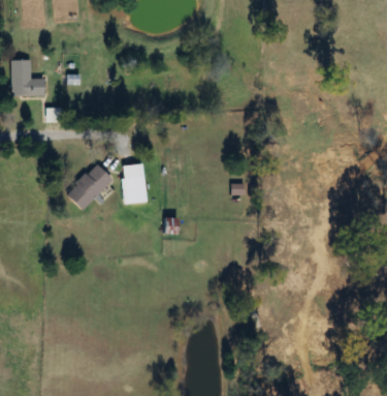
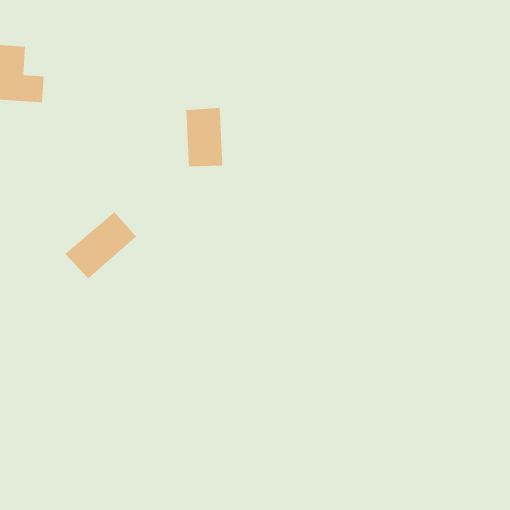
building: [120,163,147,204] -> [186,107,223,167]

